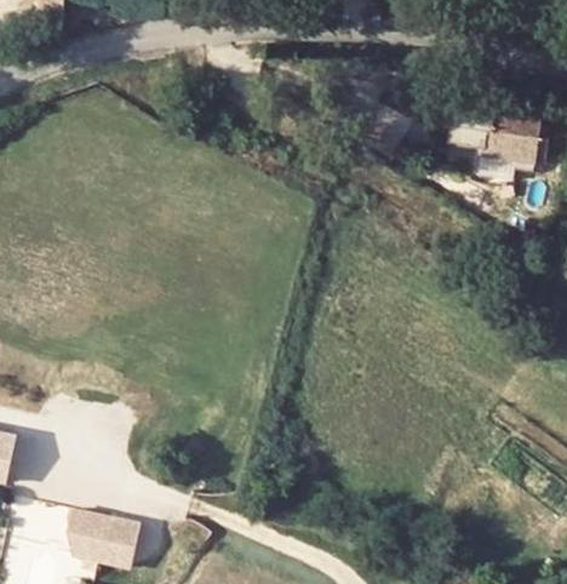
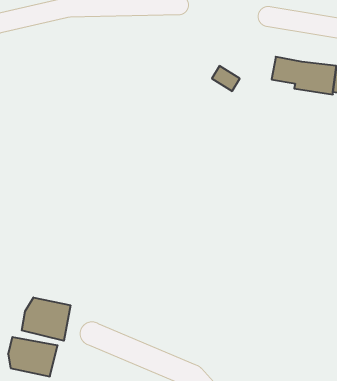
building: none -> [22,297,70,341]

